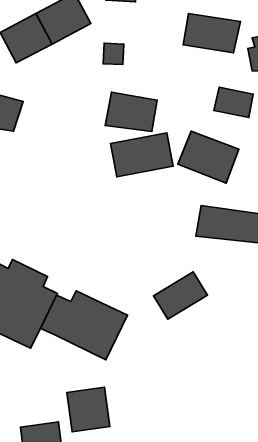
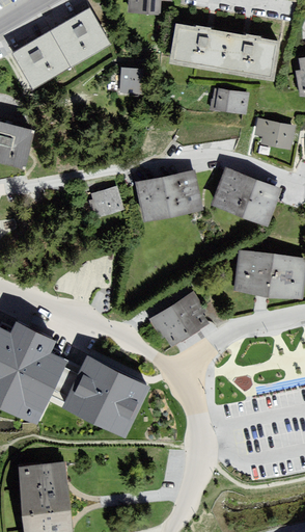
building: none -> [213,90,250,116]
building: [105,92,157,132] -> [161,22,221,68]
building: none -> [87,185,126,217]
building: [154,272,208,319] -> [150,293,213,348]
building: [67,387,110,432] -> [21,458,71,510]

